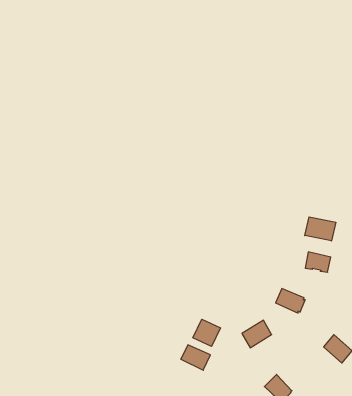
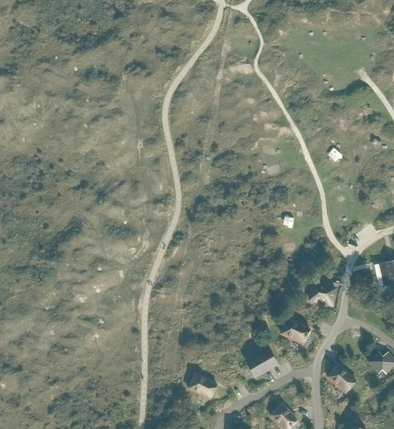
building: [305,217,336,241] -> none
building: [193,319,221,346] -> none

